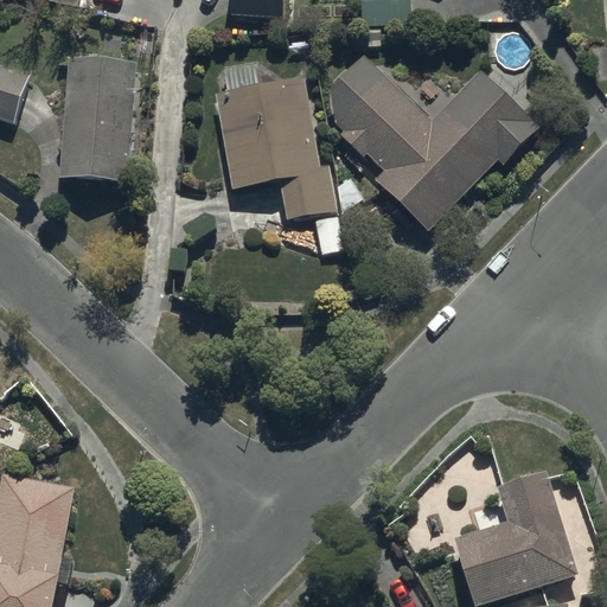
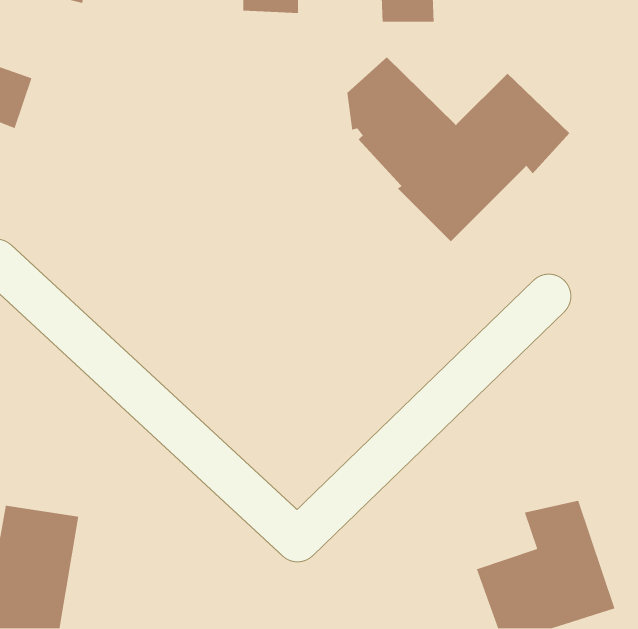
building: [60,57,135,180] -> none
building: [215,58,337,217] -> none

